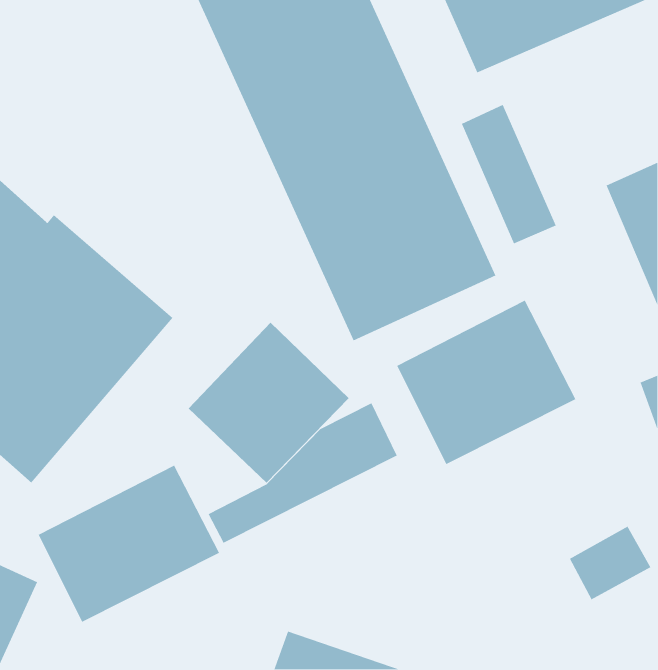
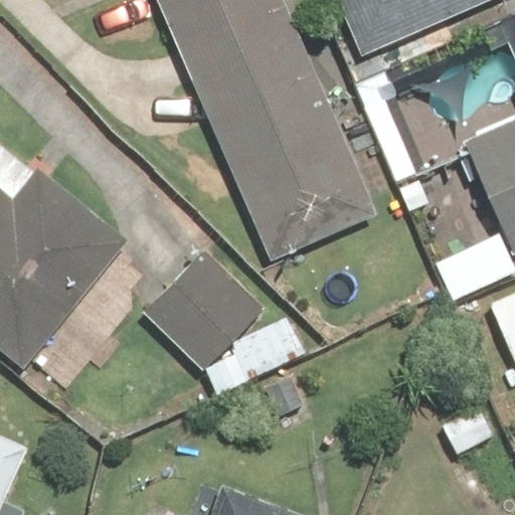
building: [396,299,577,465] -> none
building: [38,465,220,623] -> none

